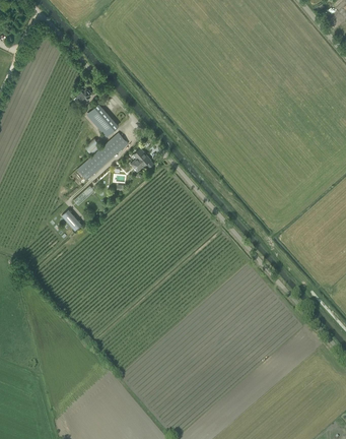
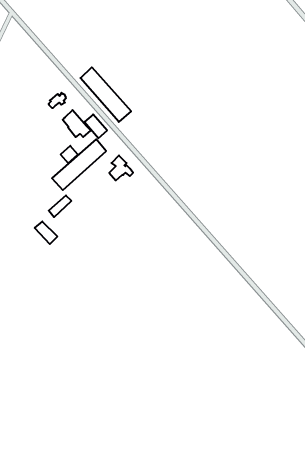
building: none -> [80,67,131,122]

